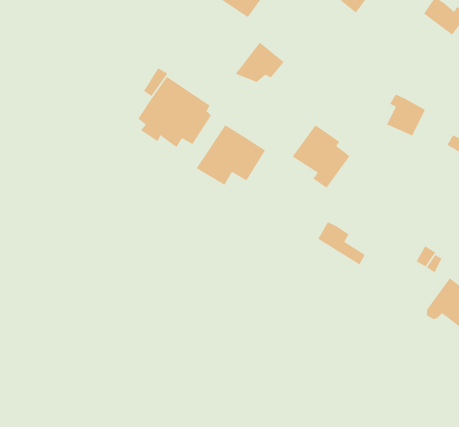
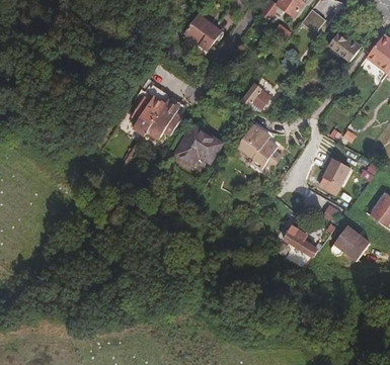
building: [235,42,284,83] -> [237,82,271,110]
building: [386,94,426,136] -> [322,157,349,186]
building: [317,221,366,265] -> [284,227,317,258]

